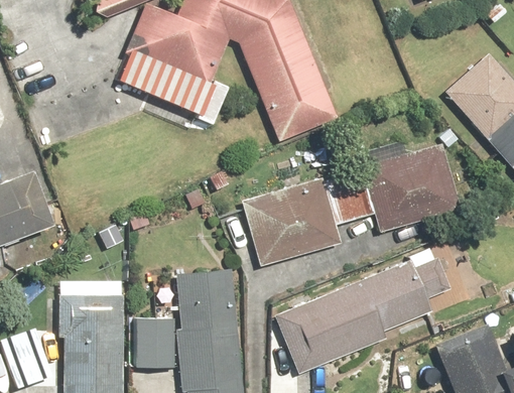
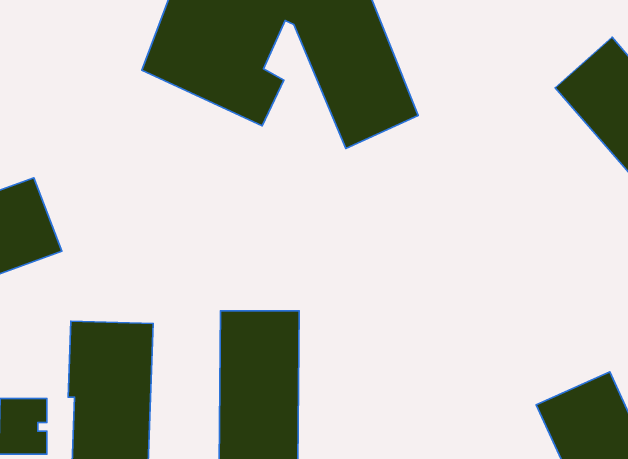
building: [241,145,462,266] -> none
building: [273,245,453,377] -> none
building: [136,316,176,369] -> none

